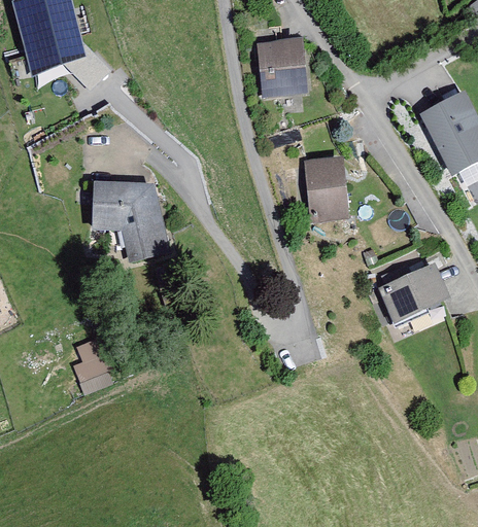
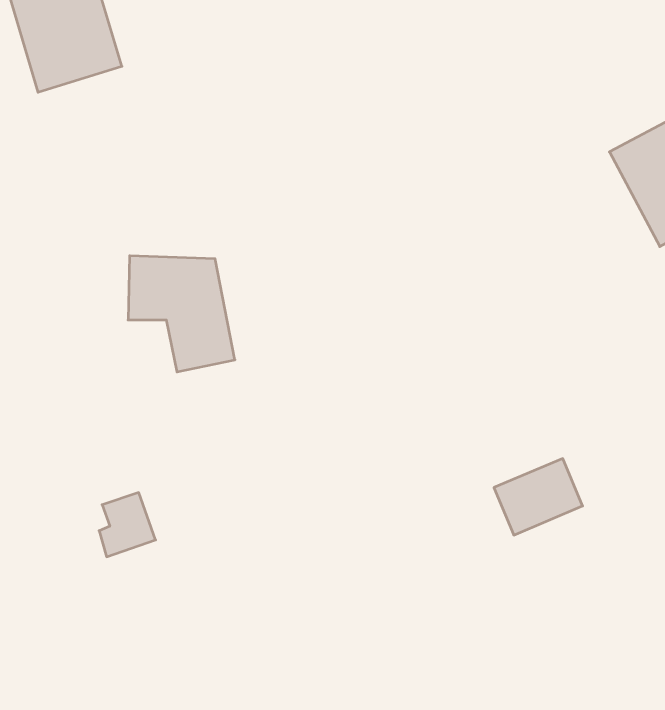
building: [258,43,301,93] -> none
building: [306,161,345,212] -> none
building: [386,270,446,321] -> [494,459,583,535]

